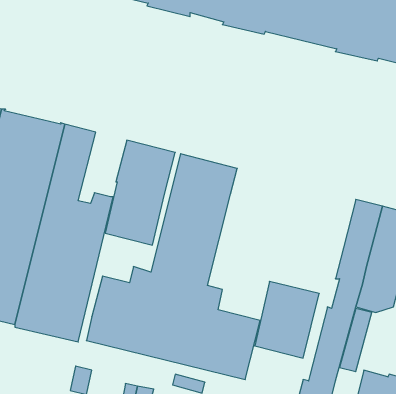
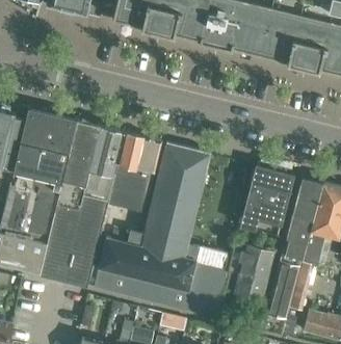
building: none -> [87,127,124,182]
building: none -> [241,167,292,237]

